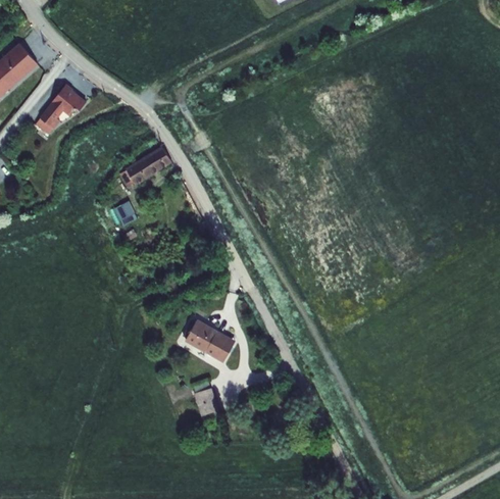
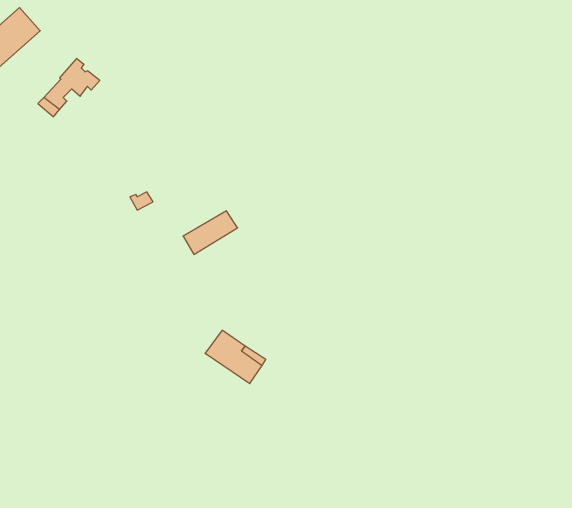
building: [122,146,168,183] -> [183,211,238,254]
building: [192,390,215,418] -> none

